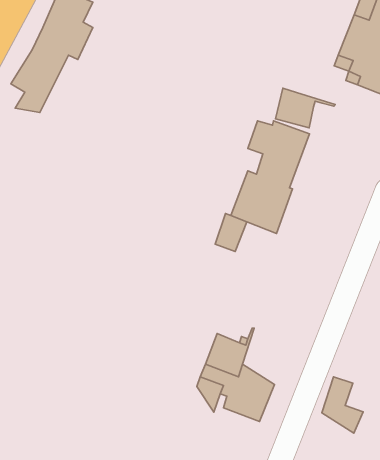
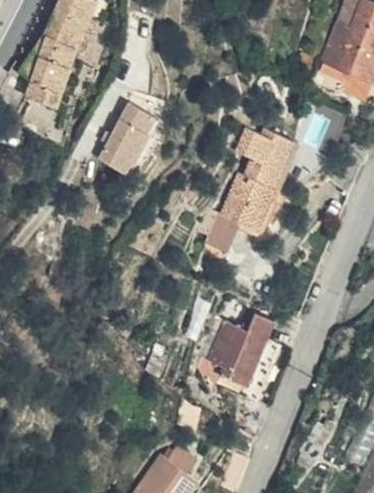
building: [275,88,335,128] -> none
building: none -> [88,112,142,182]
building: [322,377,363,433] -> [235,321,274,375]

